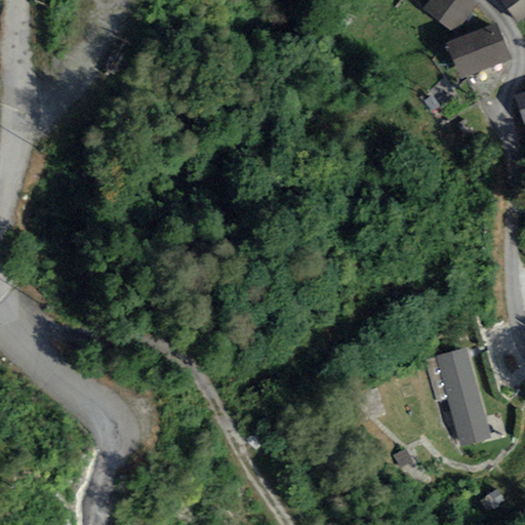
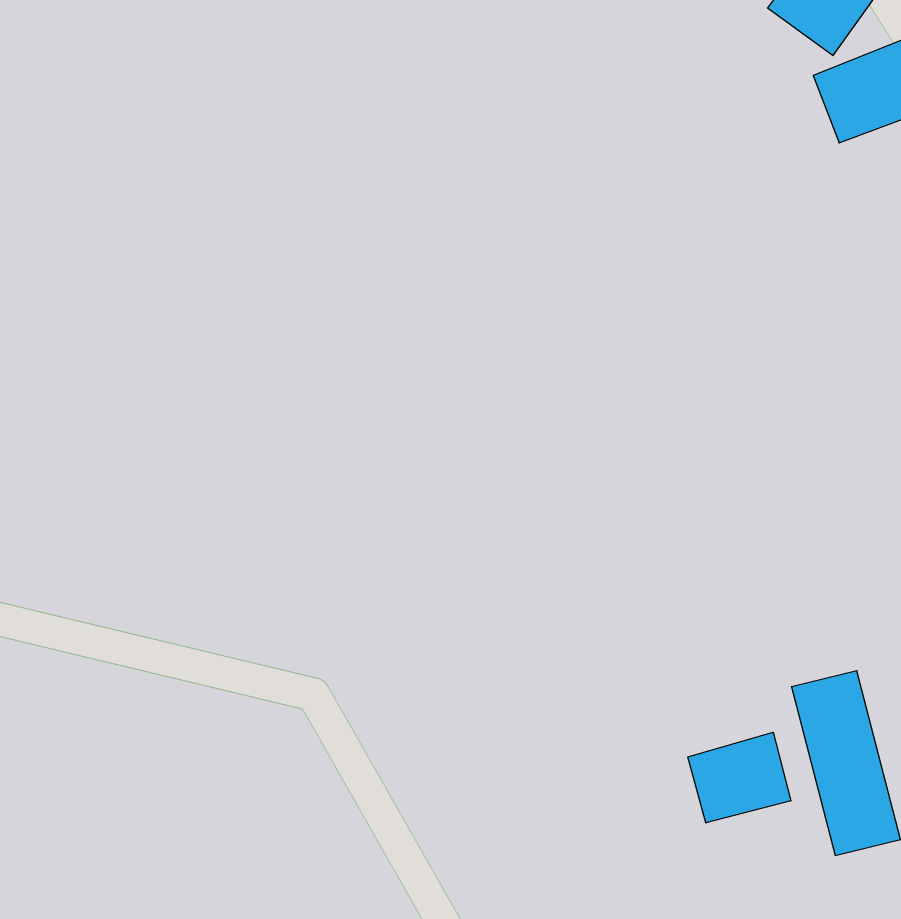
building: none -> [688,732,791,823]

